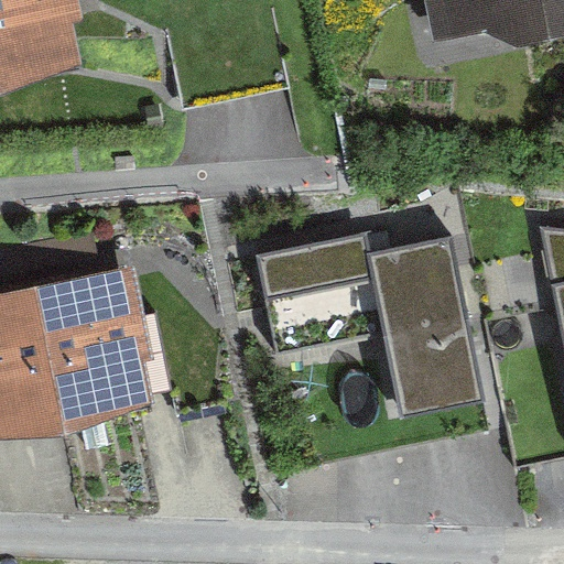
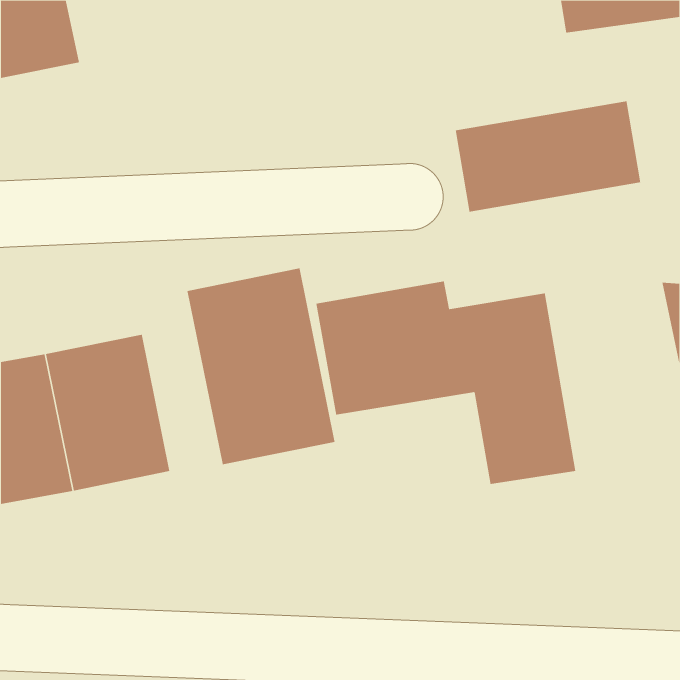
building: none -> [455,100,641,212]
building: none -> [187,268,335,465]

